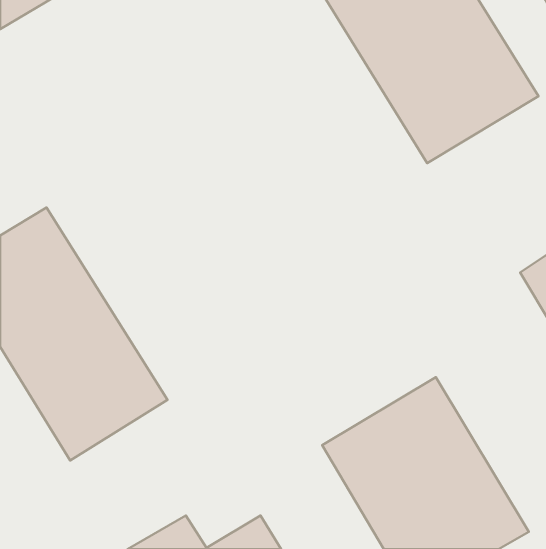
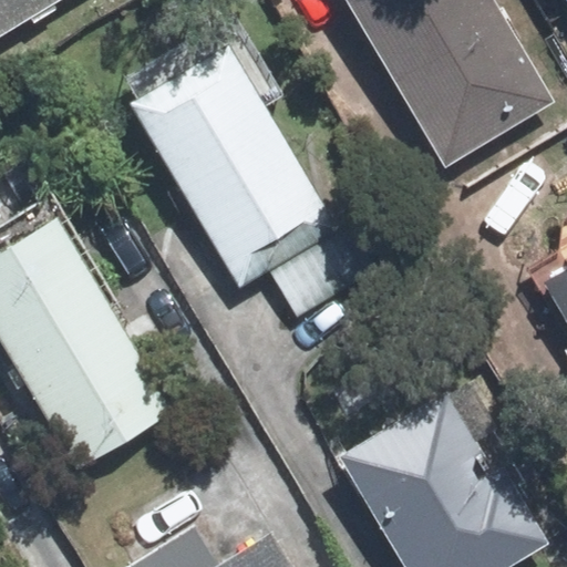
building: none -> [126,41,338,286]

